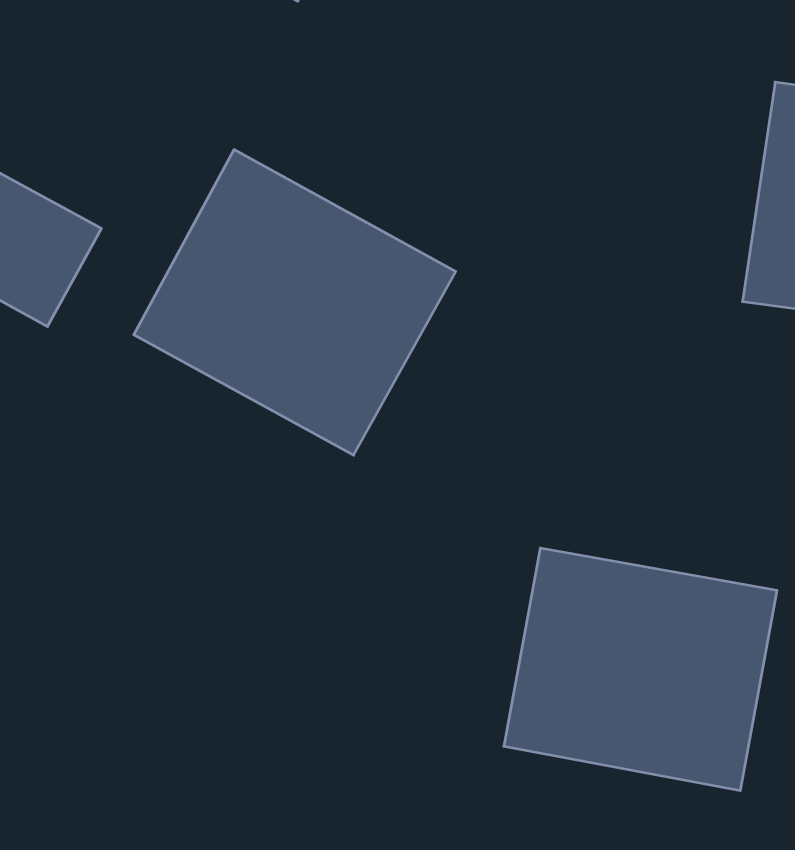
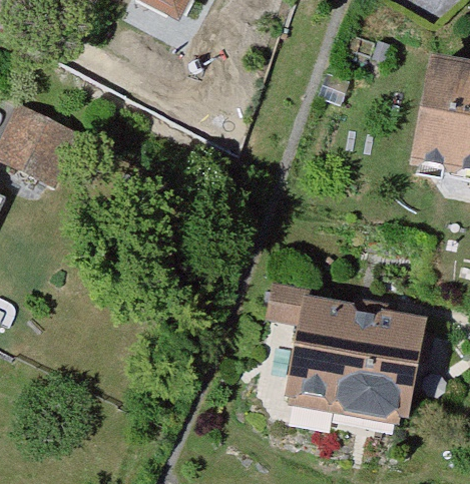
building: [134,150,456,455] -> none

